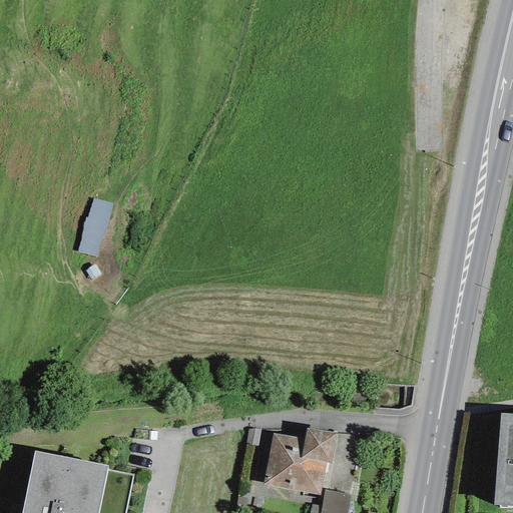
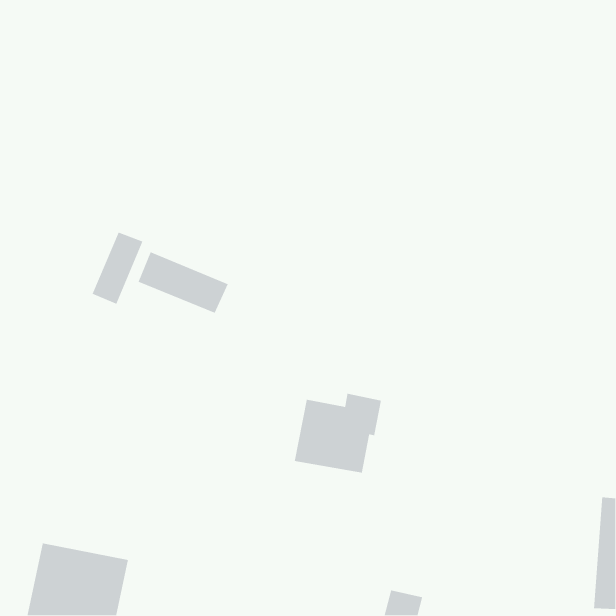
building: none -> [138,251,229,314]
building: [263,428,336,495] -> [294,393,382,474]

